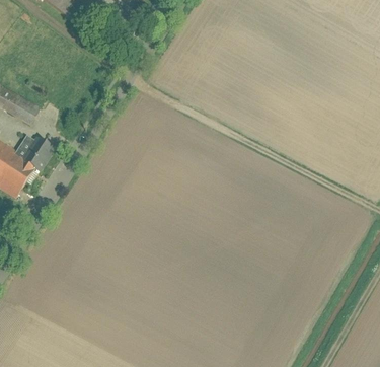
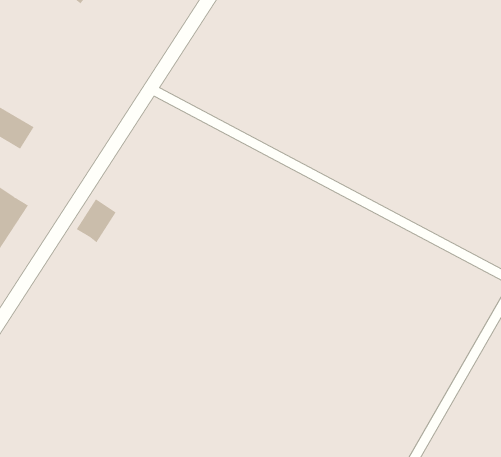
building: [24,135,54,167] -> [76,198,117,243]

